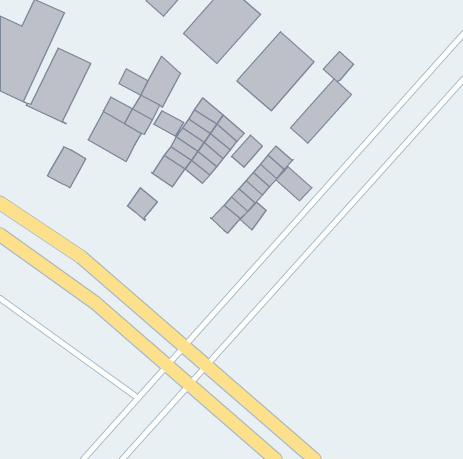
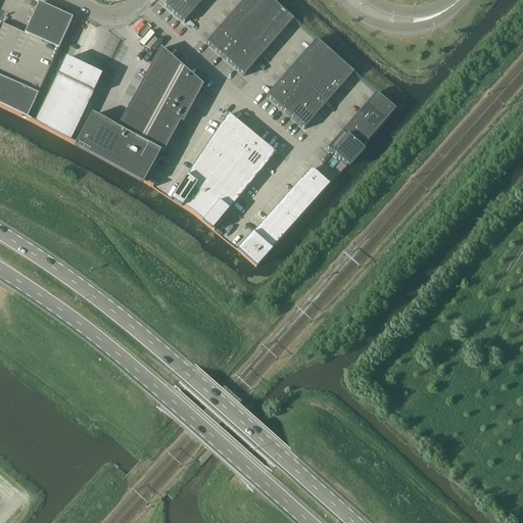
building: none -> [143,45,183,91]
building: [323,52,354,82] -> none
building: [154,111,184,136] -> [126,94,159,123]
building: [231,135,262,167] -> none
building: [47,147,86,187] -> [75,111,117,157]
building: [276,167,312,201] -> none
building: [127,188,157,220] -> [195,190,229,227]
building: [240,202,266,230] -> none

